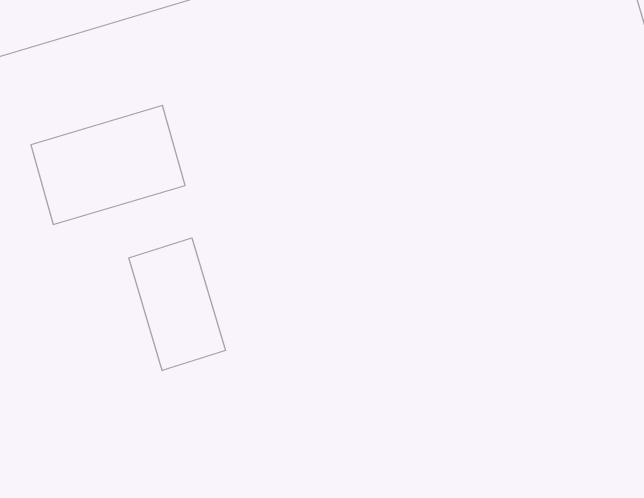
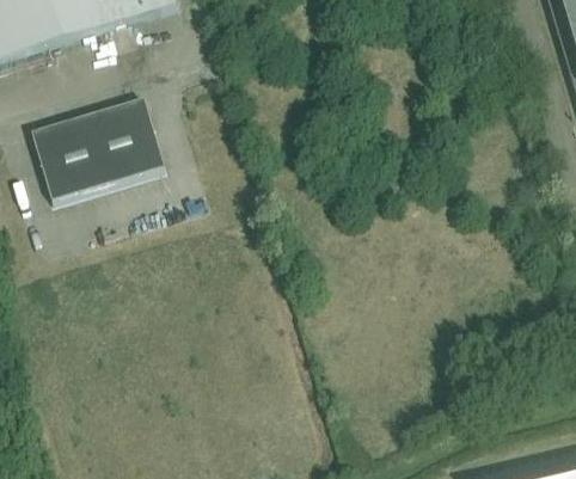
building: [129,238,225,371] -> none

